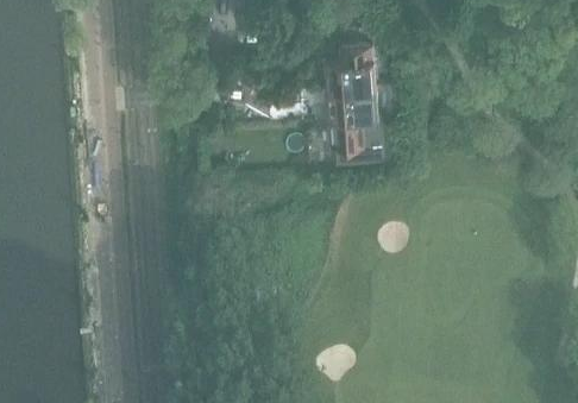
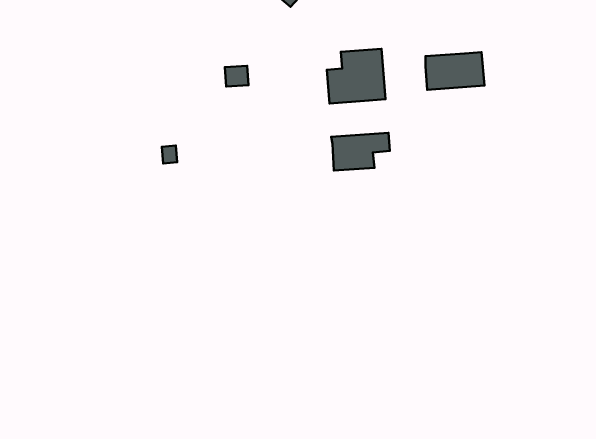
building: [329,90,379,122] -> [426,52,484,90]

